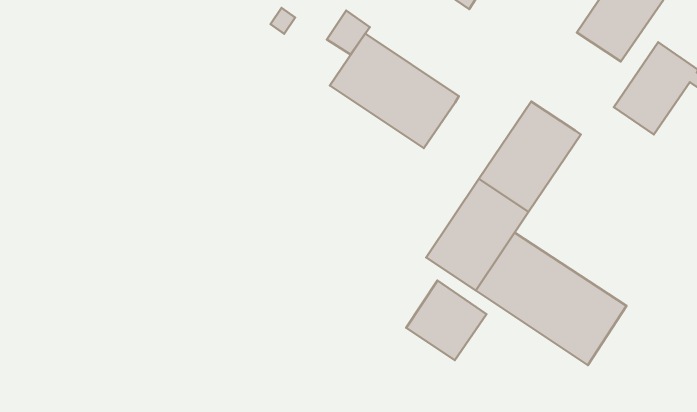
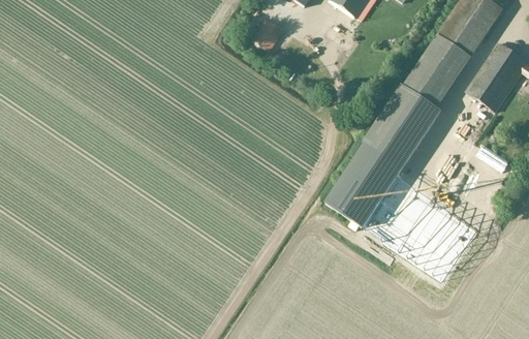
building: none -> [403,33,470,106]
building: [330,34,459,148] -> none
building: [406,281,487,360] -> none

